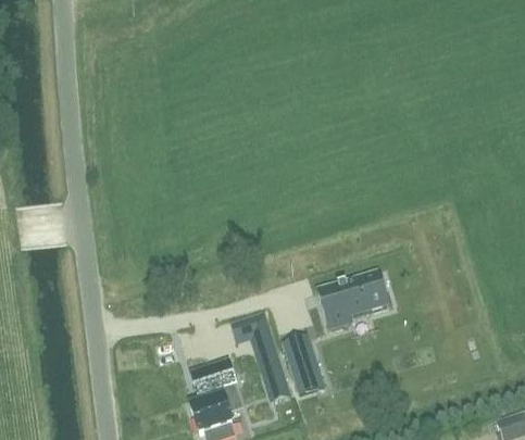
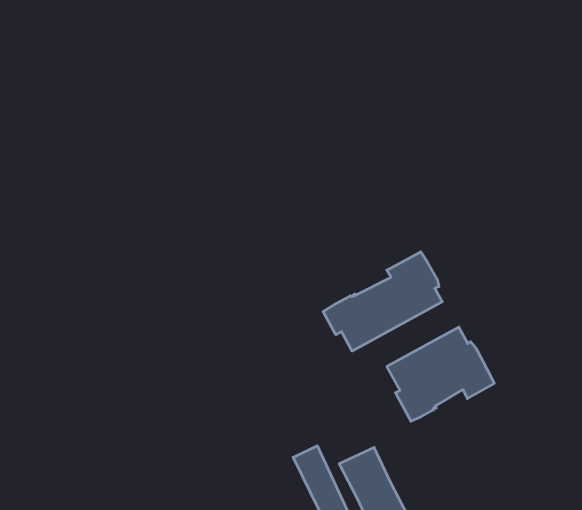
building: none -> [323,252,442,351]

